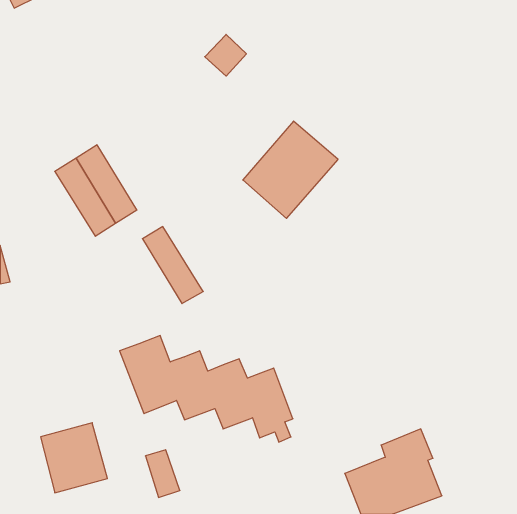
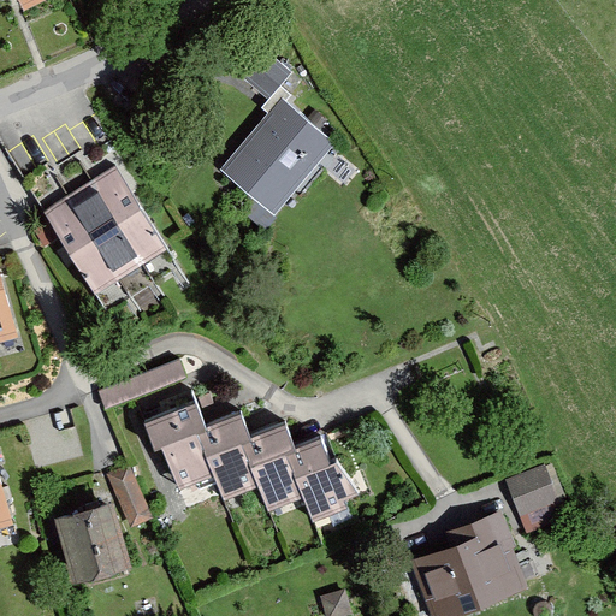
building: [243,121,338,218] -> [221,99,334,214]
building: [142,227,203,304] -> [42,203,114,295]
building: none -> [509,466,559,514]
building: [145,450,180,497] -> [114,462,155,519]

